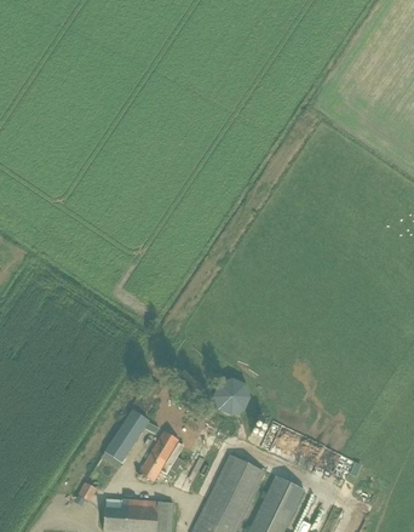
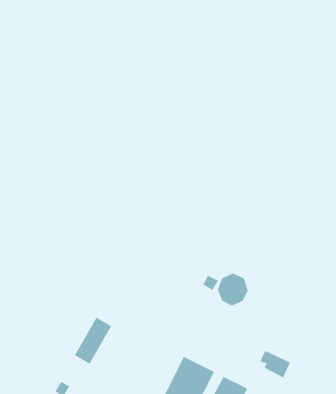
building: [214,378,251,417] -> [217,273,249,306]
building: [139,433,179,484] -> none

